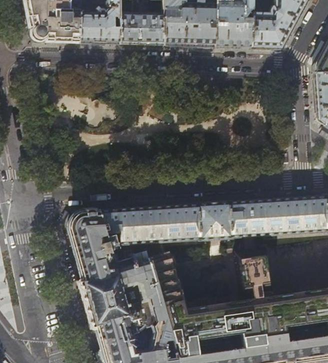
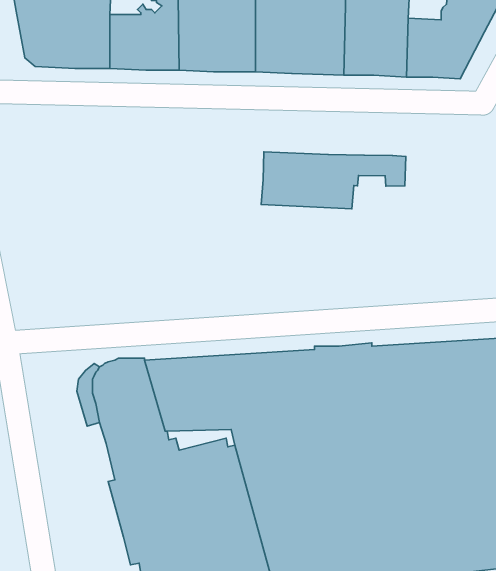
building: none -> [261,152,406,209]

